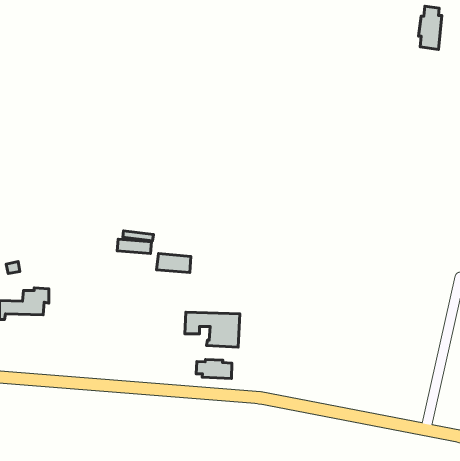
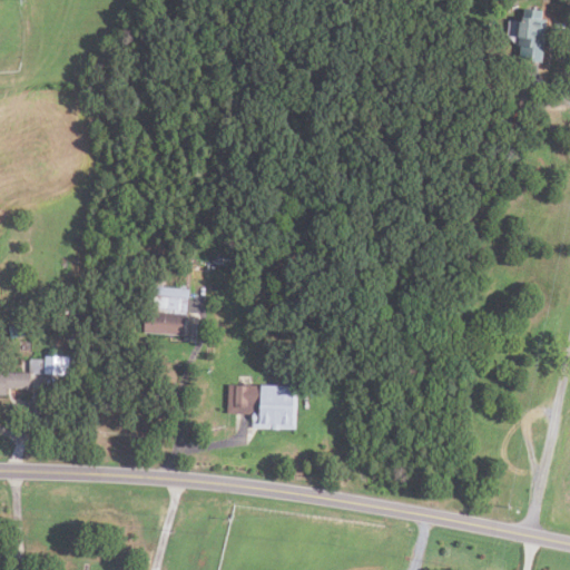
building: [157,254,191,273] -> [142,312,185,335]
building: [196,360,232,379] -> none

